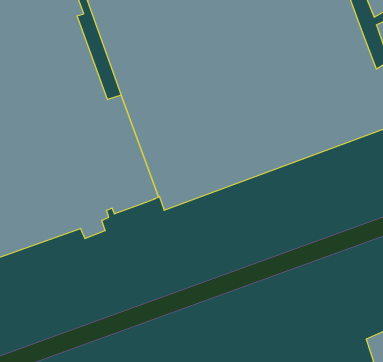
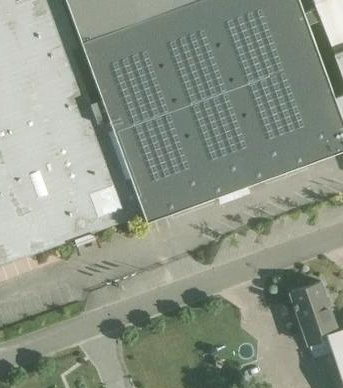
building: none -> [289,283,334,345]

